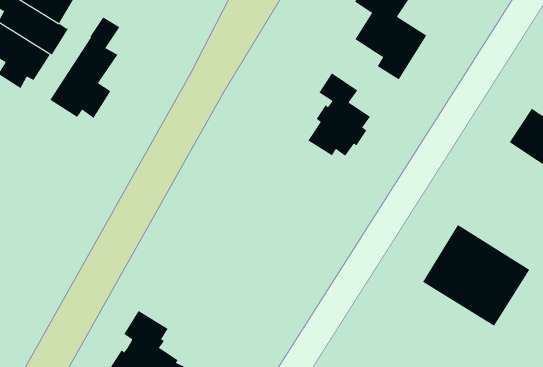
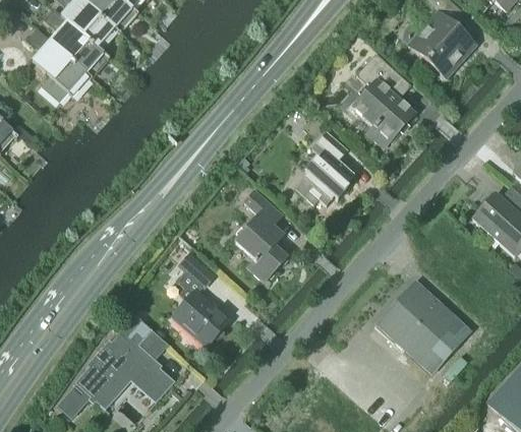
building: [50,16,120,119] -> none
building: none -> [236,190,288,283]
building: none -> [175,254,231,346]

